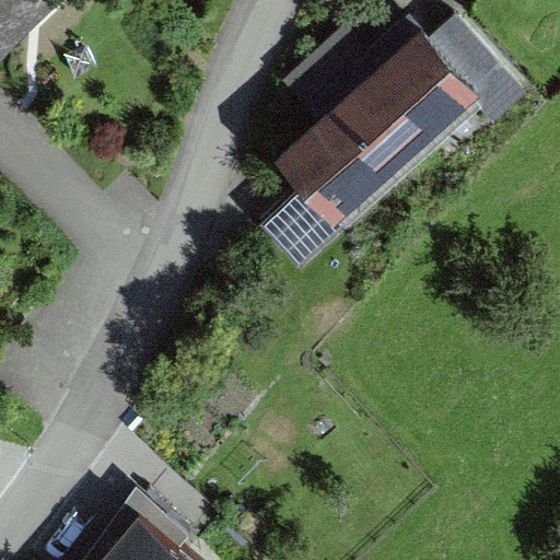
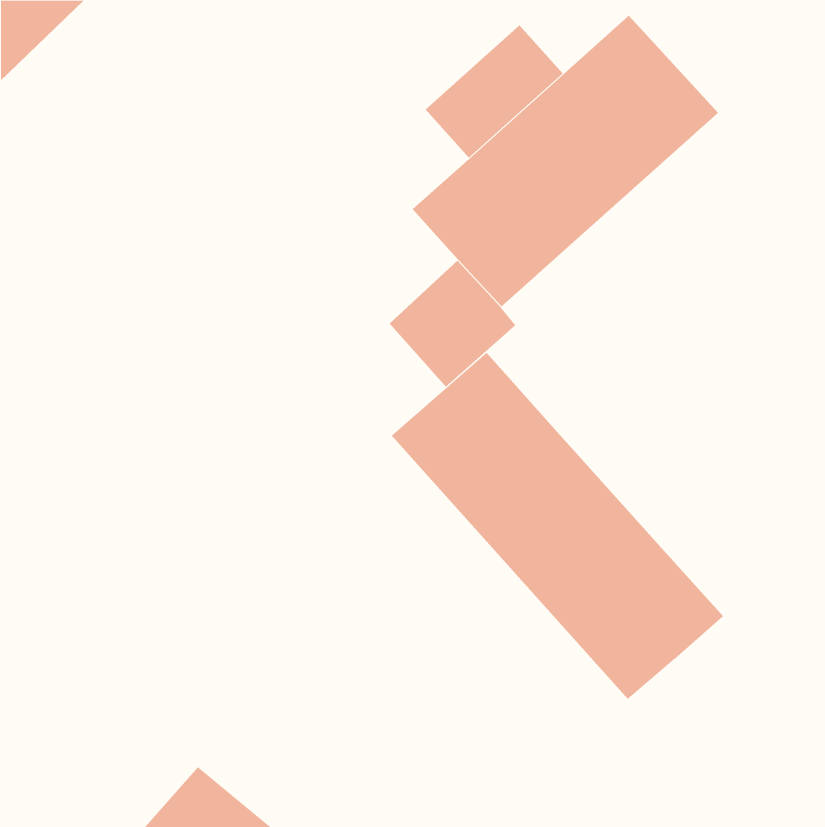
building: none -> [391,352,724,700]

